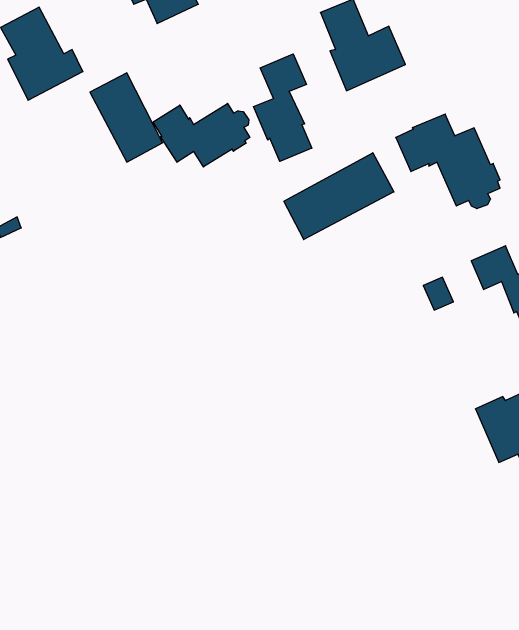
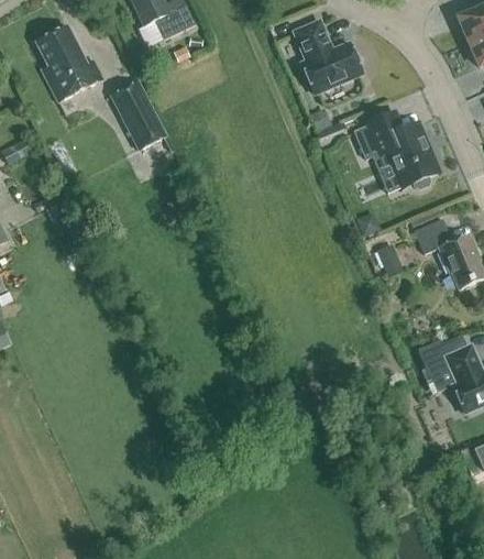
building: [253,54,312,161] -> none
building: [153,103,250,167] -> none
building: [284,153,394,240] -> none

